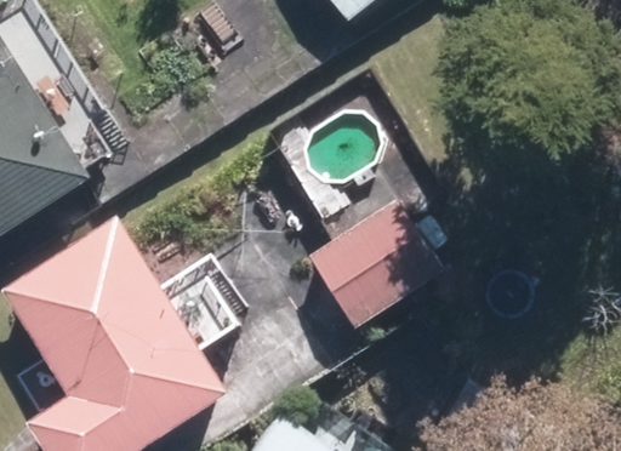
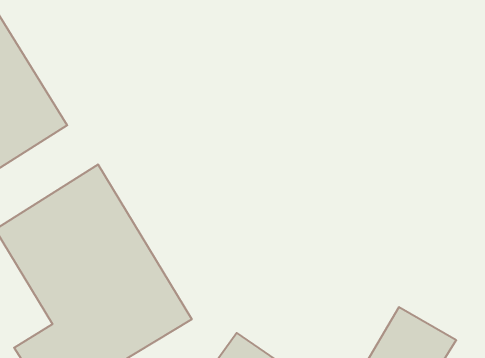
building: [309,202,446,337] -> none

